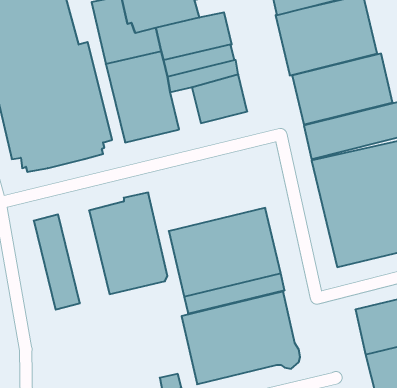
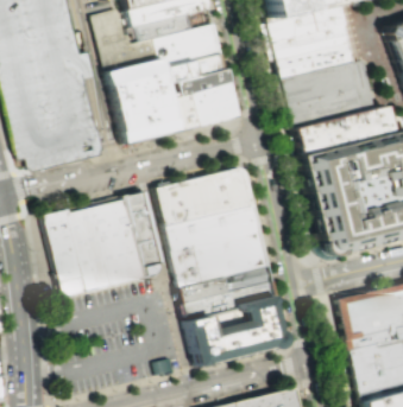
building: none -> [166,93,195,132]
building: none -> [156,167,254,224]
building: none -> [64,209,106,292]

